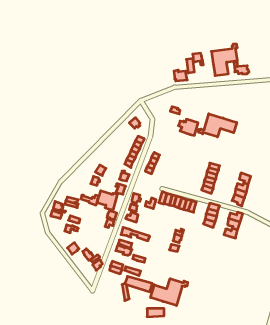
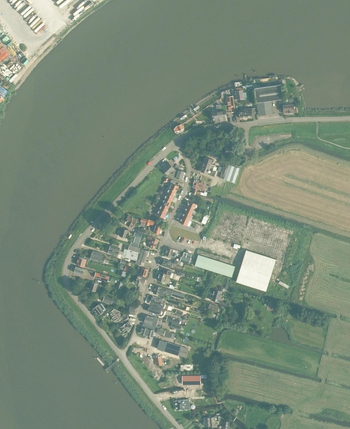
building: [199,114,237,137] -> none
building: [151,279,188,306] -> none

